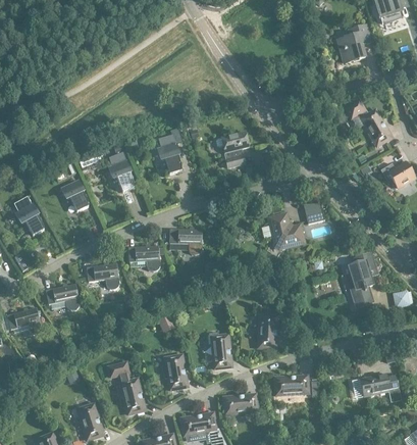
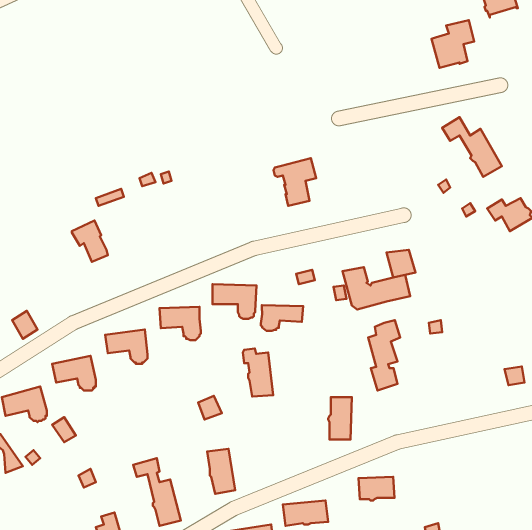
building: [156,135,180,175] -> none
building: [107,153,134,192] -> none
building: [14,197,43,236] -> none
building: none -> [261,305,303,331]
building: [349,253,373,307] -> [368,320,400,391]
building: [207,332,230,368] -> [243,349,273,396]
building: [359,374,400,402] -> none

